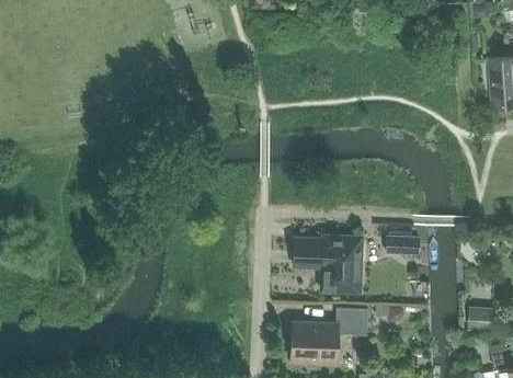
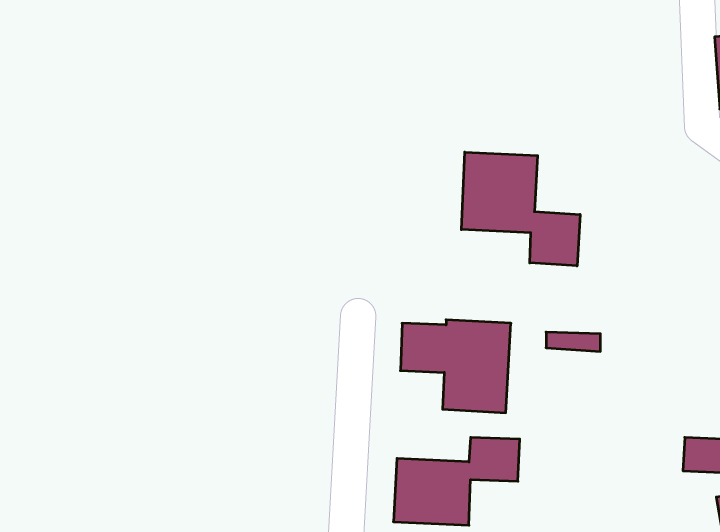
building: none -> [461,152,580,266]

